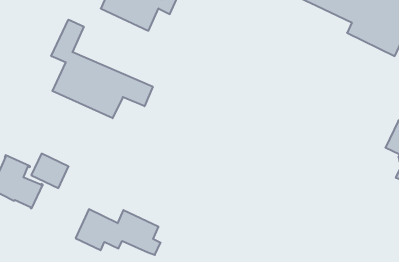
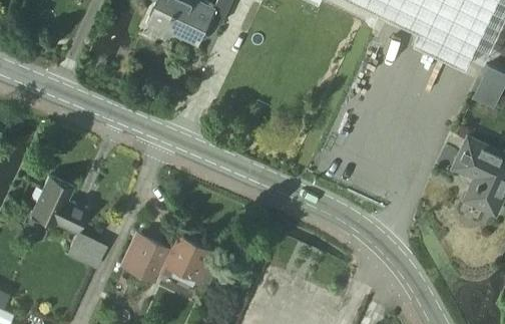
building: [51,20,153,118] -> none
building: [31,154,69,188] -> [67,233,107,270]

